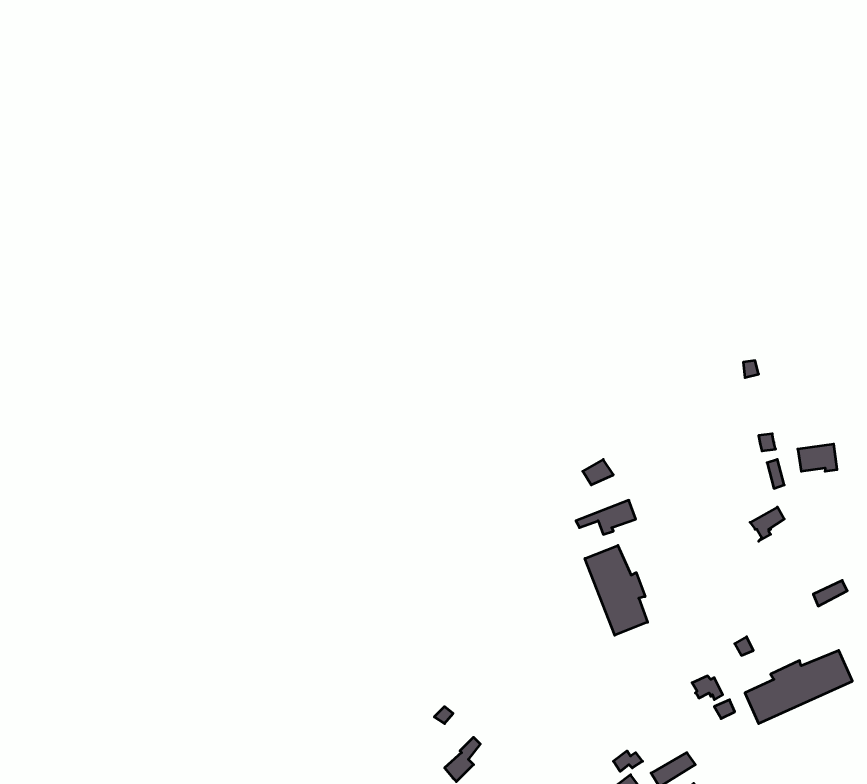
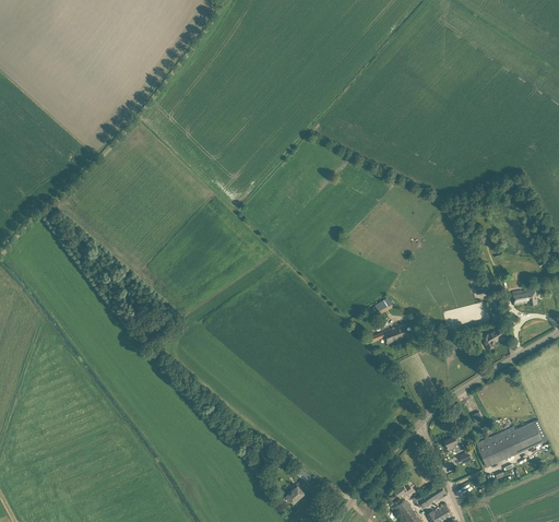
building: [585,545,648,635] -> none

